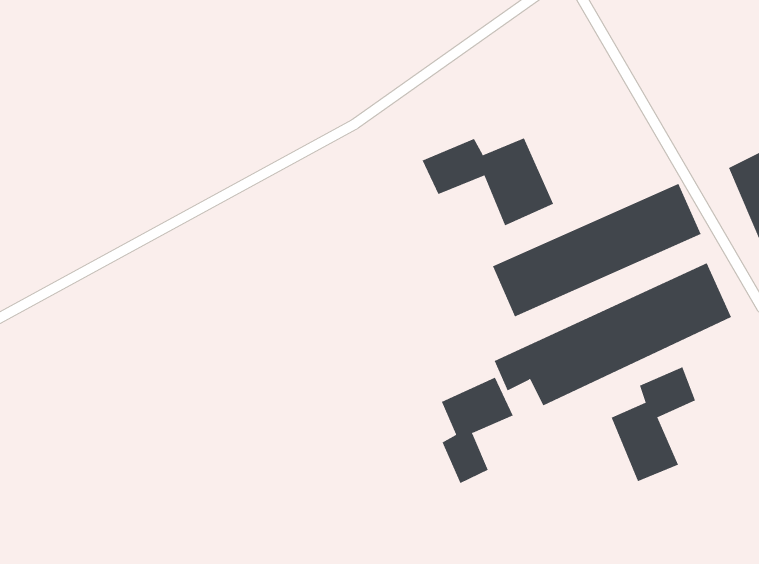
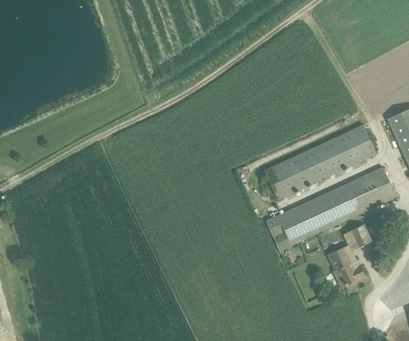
building: [422,138,554,226] -> none
building: [441,377,513,484] -> none

